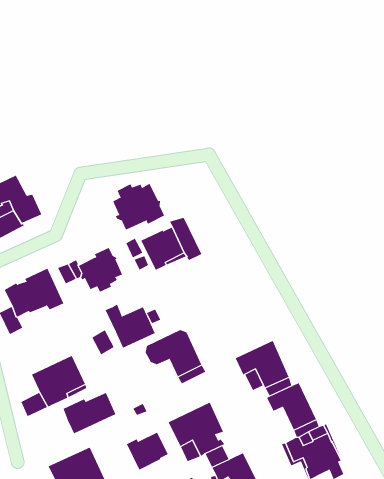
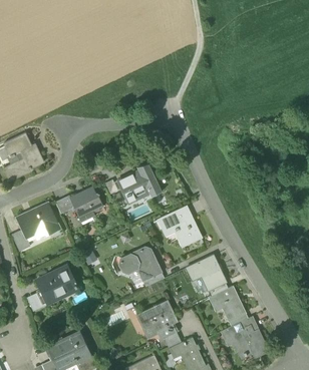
building: [113,183,165,231] -> none
building: none -> [159,207,201,246]
building: [105,303,155,348] -> none
building: [63,392,116,434] -> none
building: [126,432,169,471] -> none

